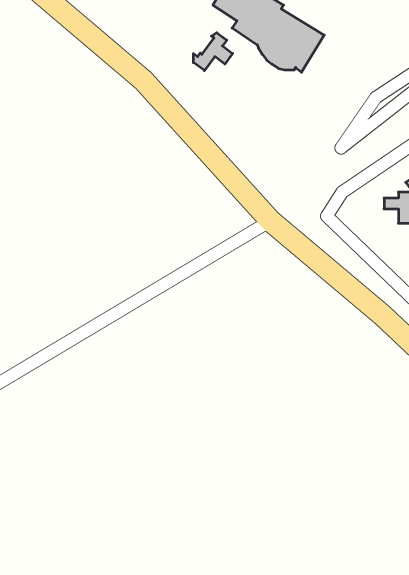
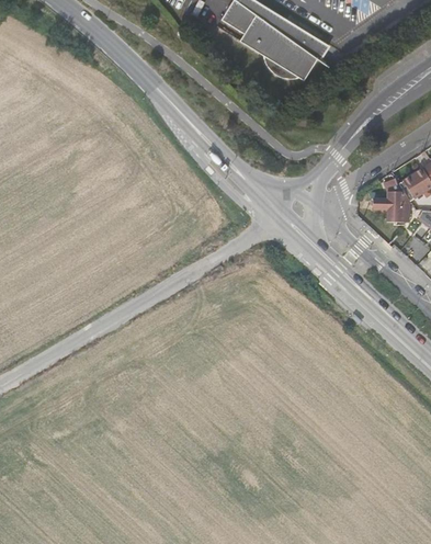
building: [193,33,233,71] -> none

